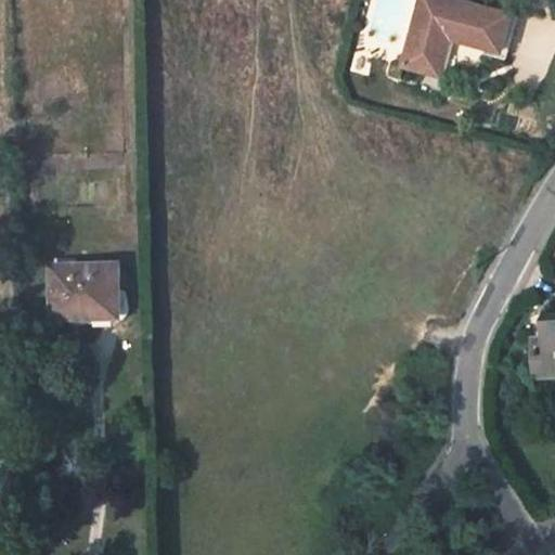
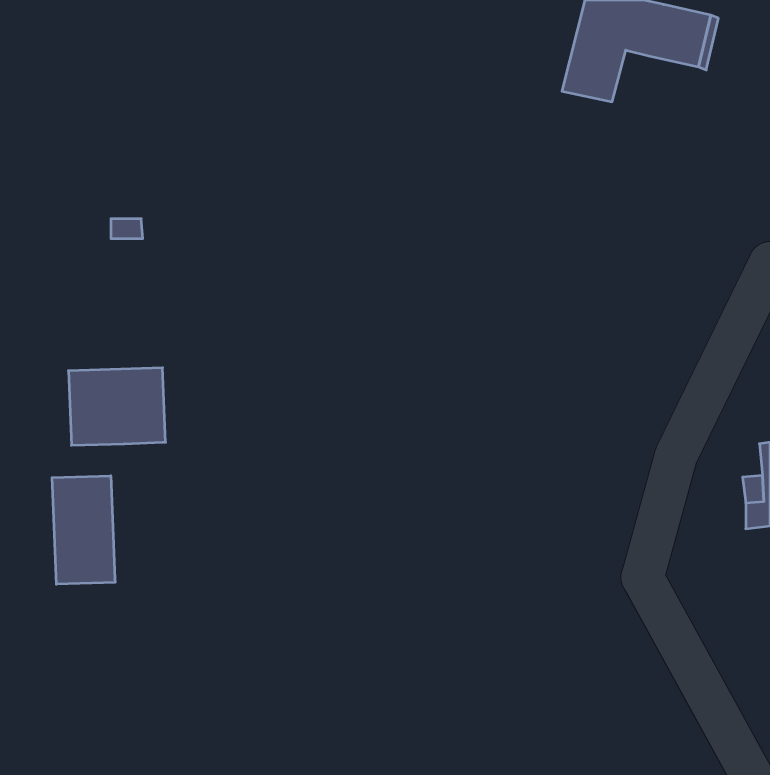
building: none -> [52,476,115,584]

